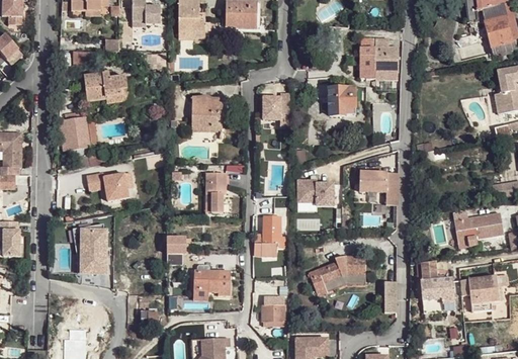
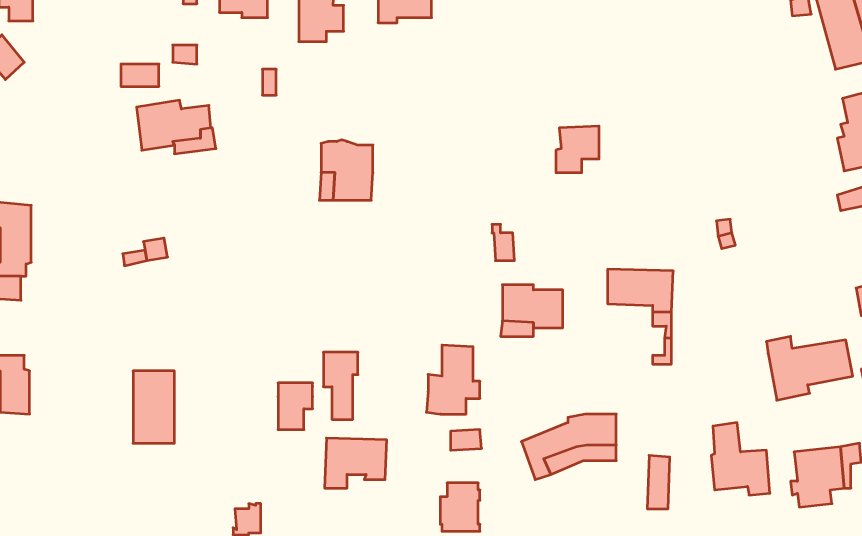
building: [359,37,398,79] -> none
building: [262,92,288,137] -> none
building: [62,110,90,151] -> none
building: [87,173,128,200] -> none
building: [205,173,226,212] -> [323,352,358,419]

